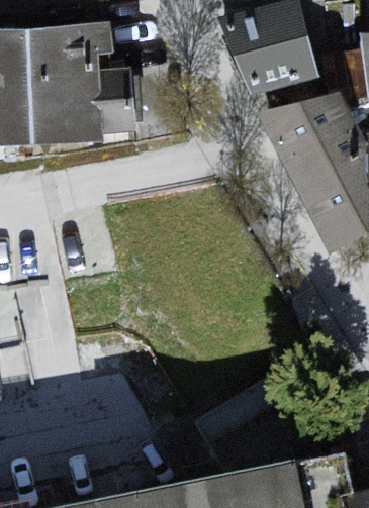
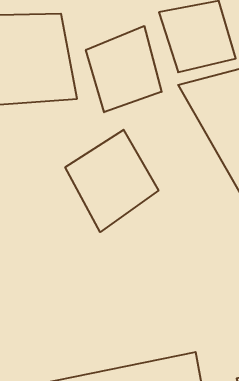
building: none -> [86,26,162,112]
building: none -> [65,130,158,232]

